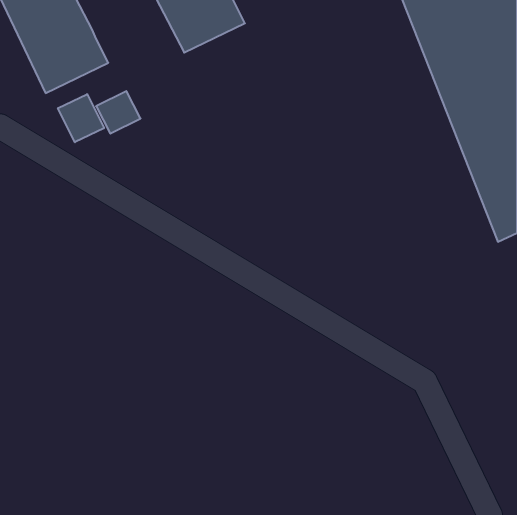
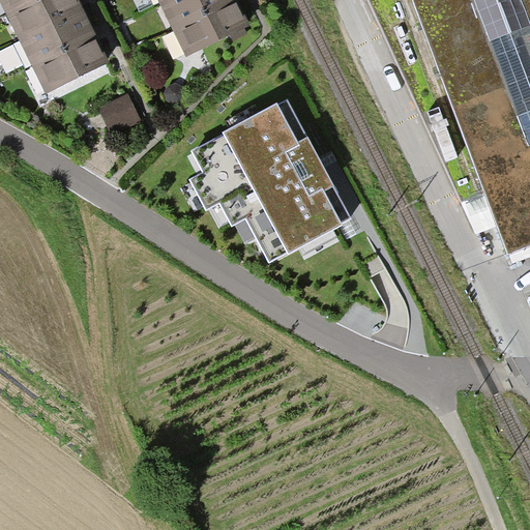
building: [58,94,104,142] -> none
building: none -> [195,102,350,259]

